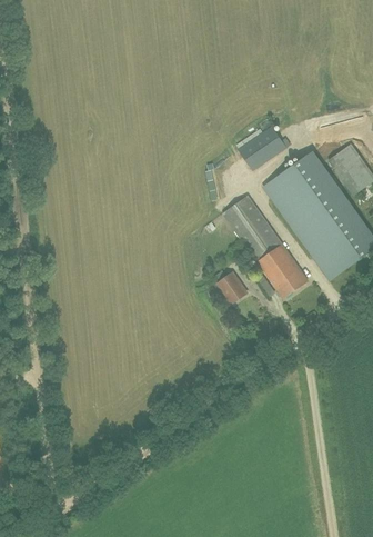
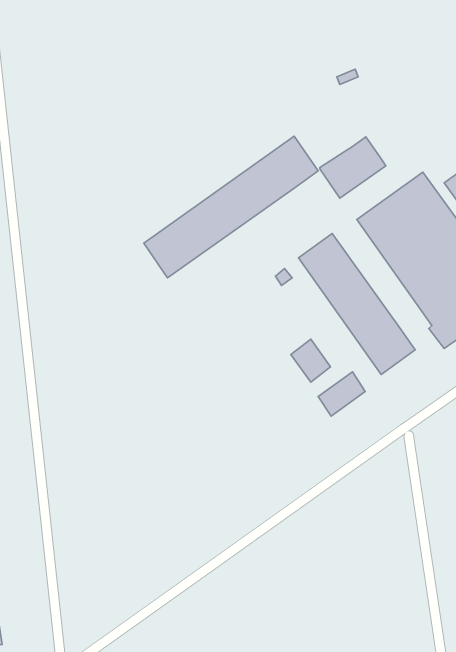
building: none -> [144,136,318,278]
building: none -> [318,372,365,416]

